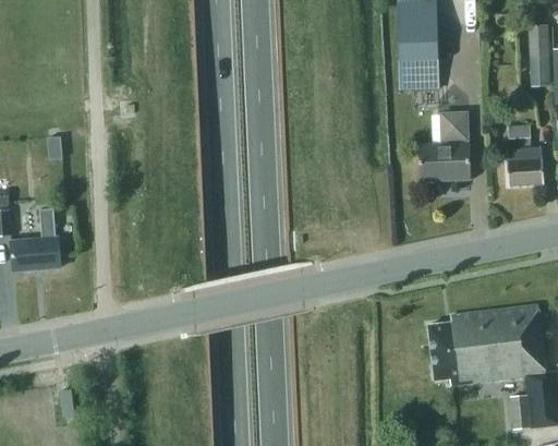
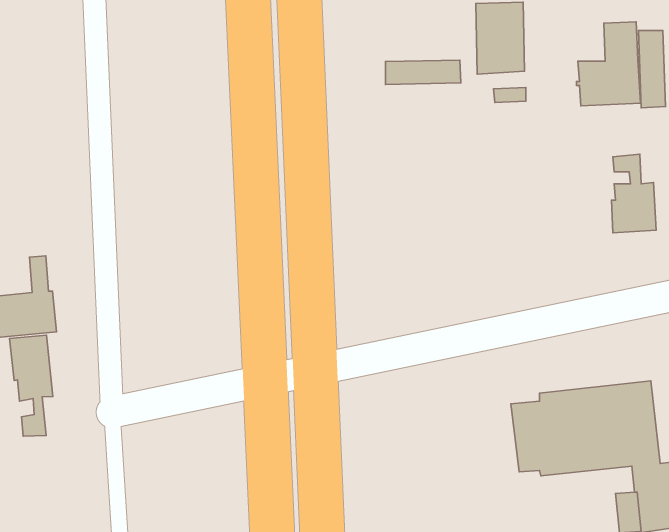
building: none -> [385,60,461,84]
building: [418,113,470,181] -> [577,22,640,106]
building: none -> [10,335,53,436]

